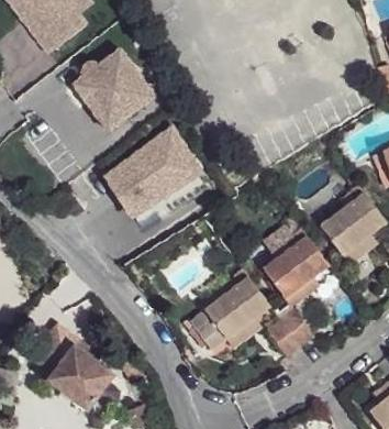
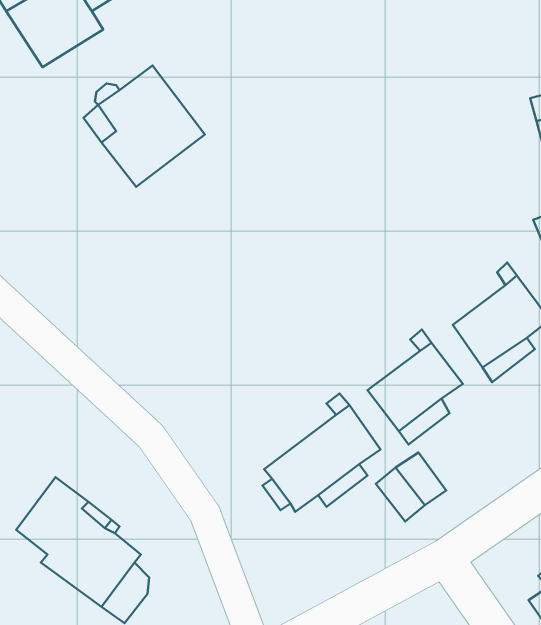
building: [100,131,205,227] -> none

